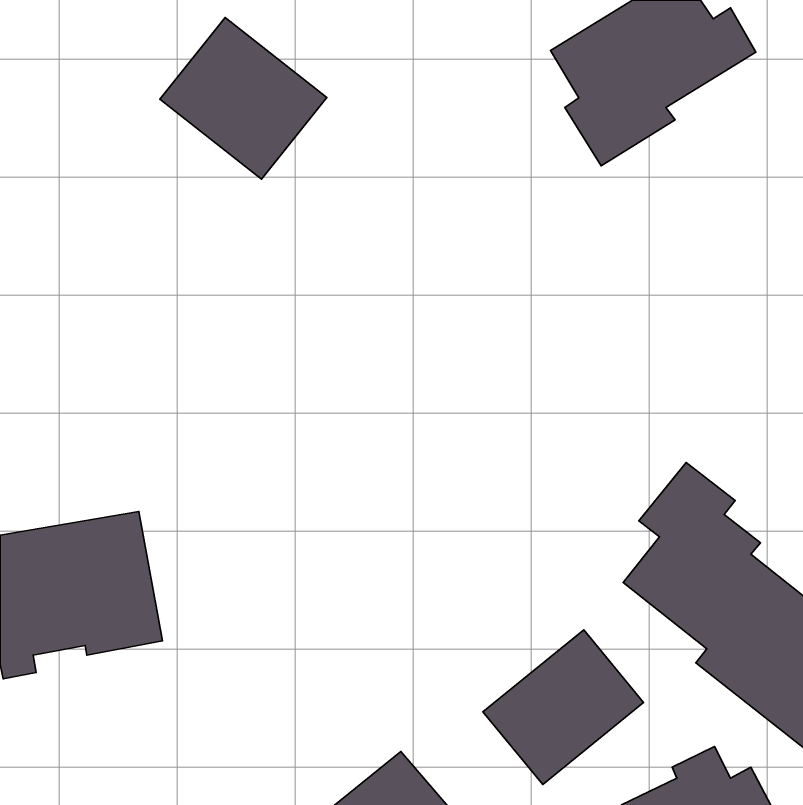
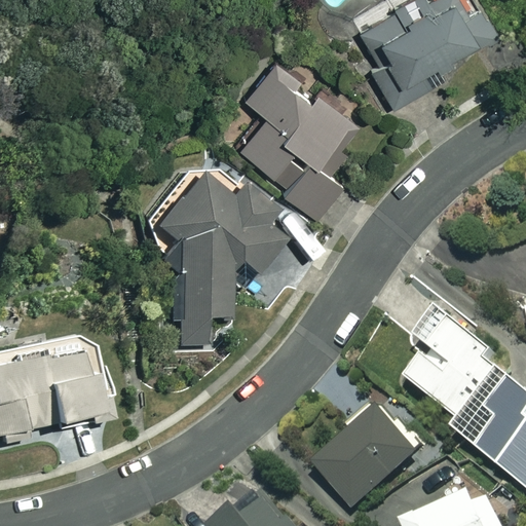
building: [160,17,327,179] -> none
building: none -> [238,59,356,219]
building: none -> [156,173,285,346]

